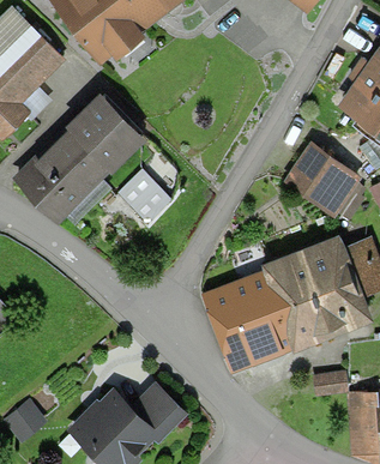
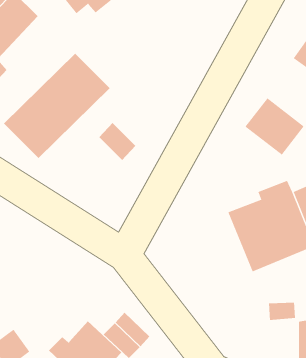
building: [209,273,297,363] -> none

